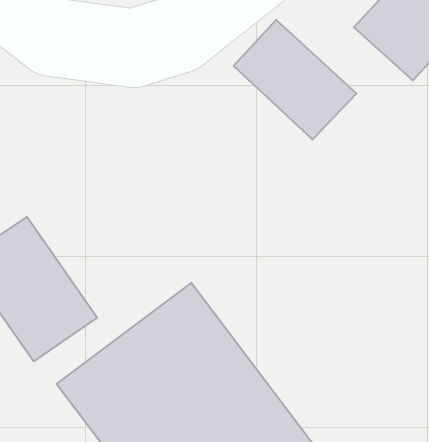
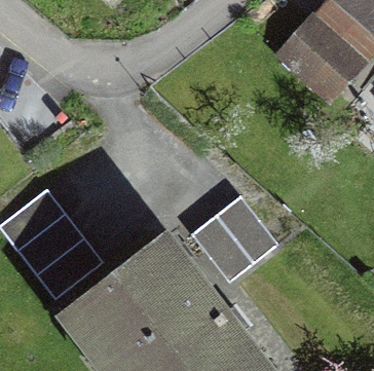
building: [234,20,356,140] -> none
building: none -> [192,195,279,283]

